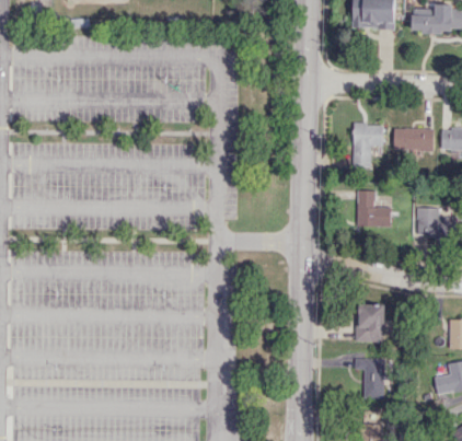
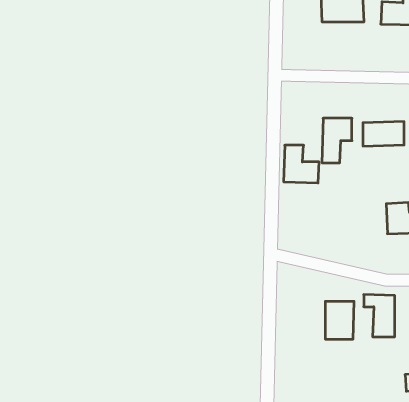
building: [356,190,391,228] -> [284,145,319,183]
building: [354,357,384,398] -> [364,295,395,337]

